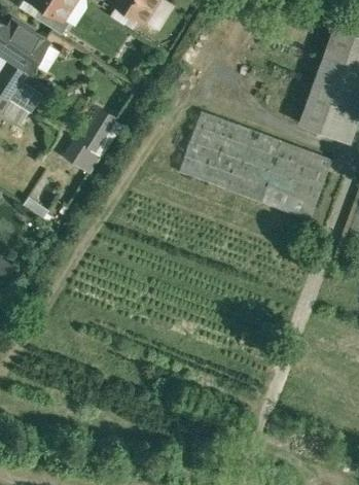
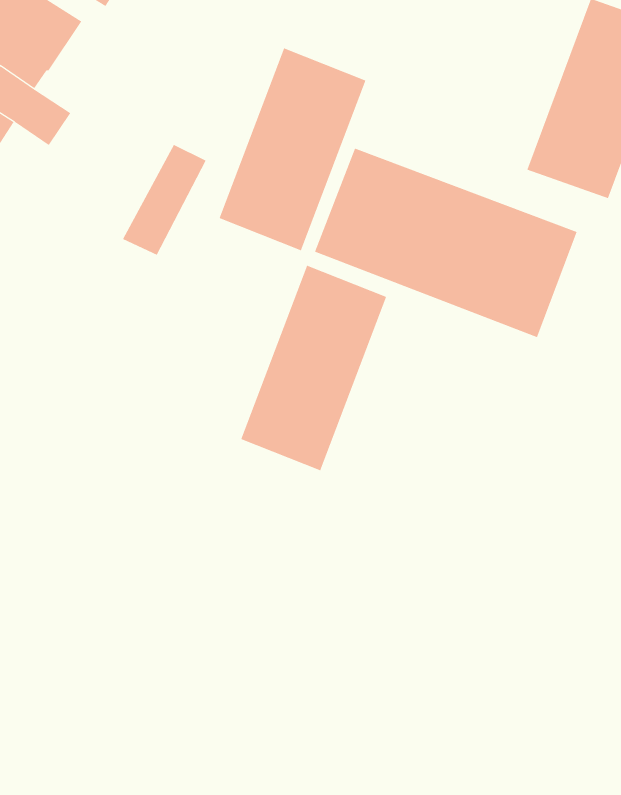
building: none -> [219,47,366,251]
building: none -> [241,265,387,471]

